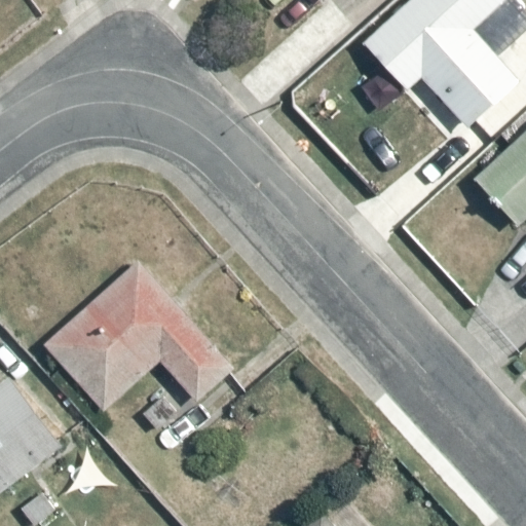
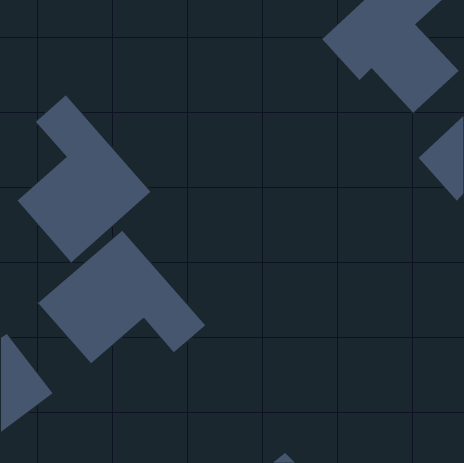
building: none -> [17,94,151,263]

